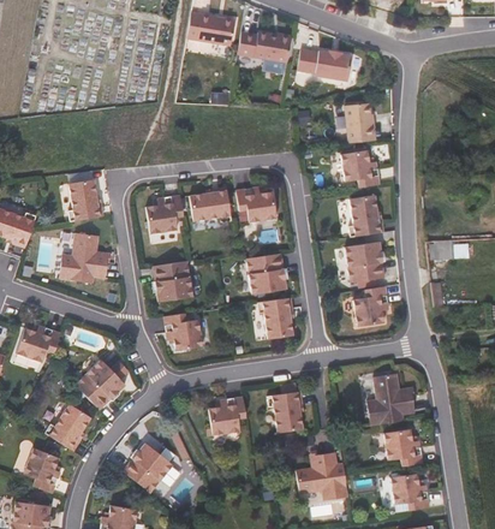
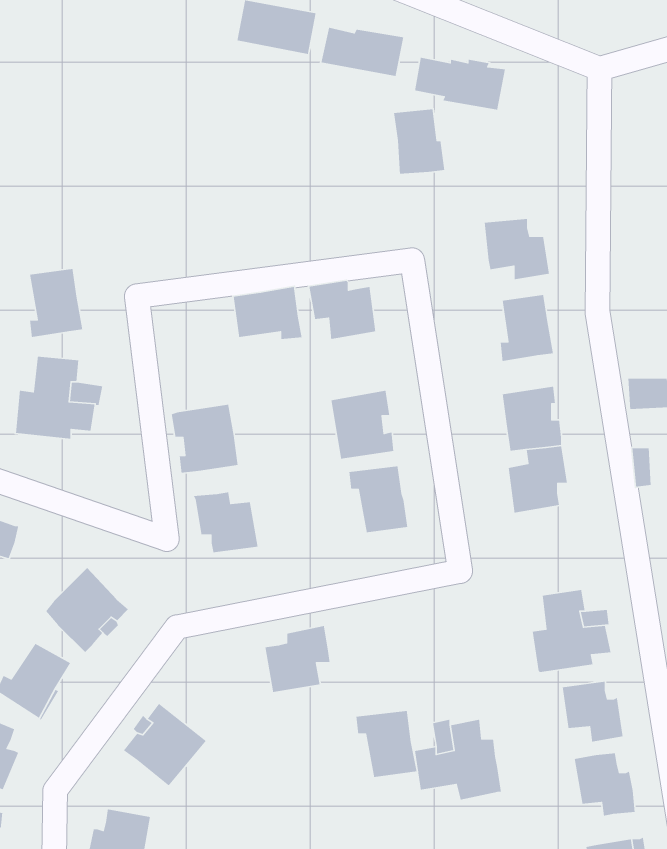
building: [342,100,374,139] -> [393,109,445,174]
building: [143,194,181,233] -> none
building: [267,391,304,432] -> [356,710,417,778]

